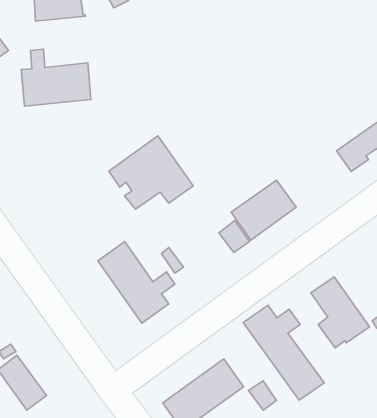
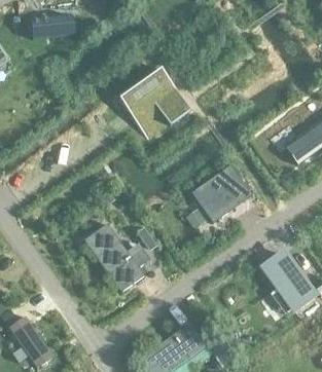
building: [21,49,91,106] -> none
building: [109,136,193,209] -> [119,67,190,128]
building: [243,305,324,400] -> none

